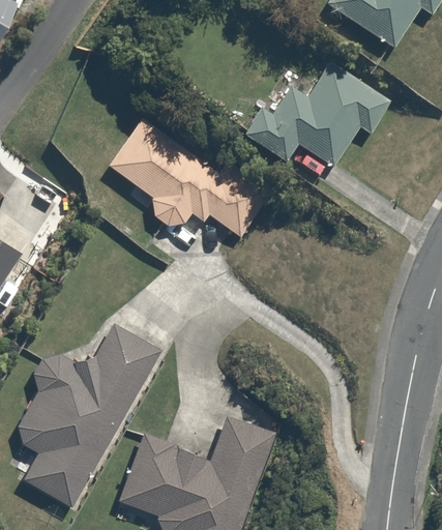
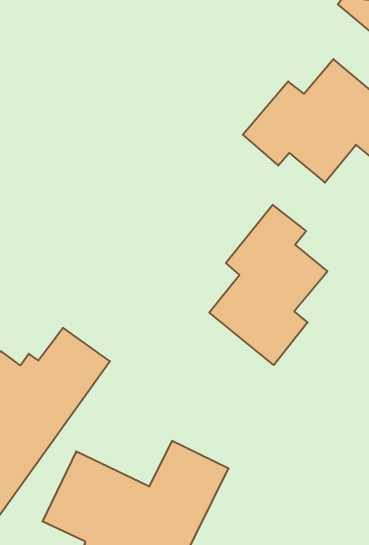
building: [110,119,274,240] -> none
building: none -> [209,205,327,365]

